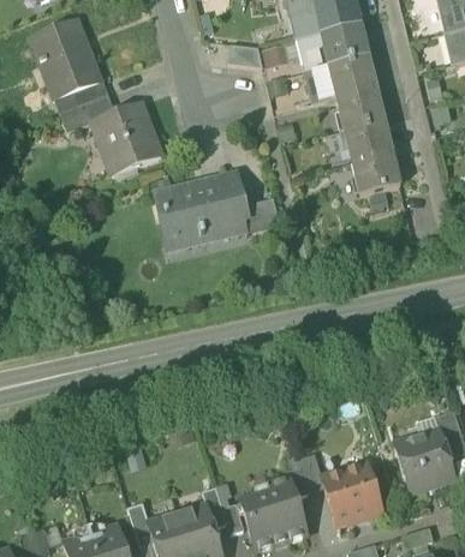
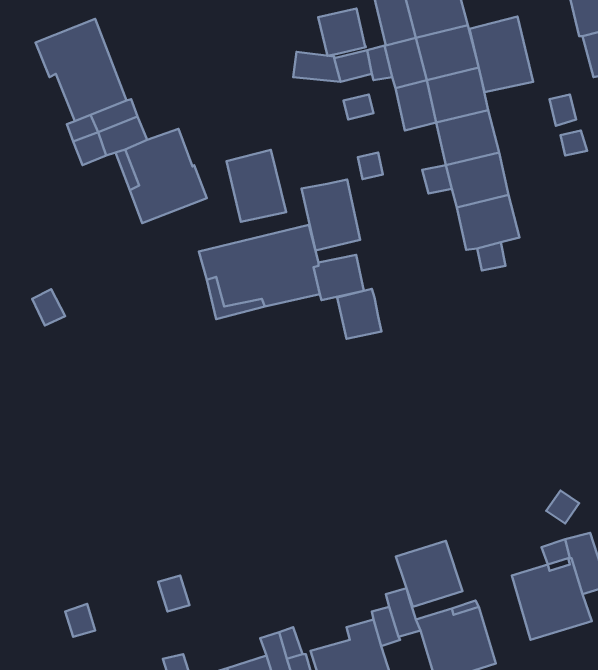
building: none -> [318,9,366,56]
building: none -> [470,17,533,92]
building: none -> [226,150,286,222]
building: none -> [302,180,360,251]
building: none -> [337,289,382,339]
building: none -> [396,541,462,607]

